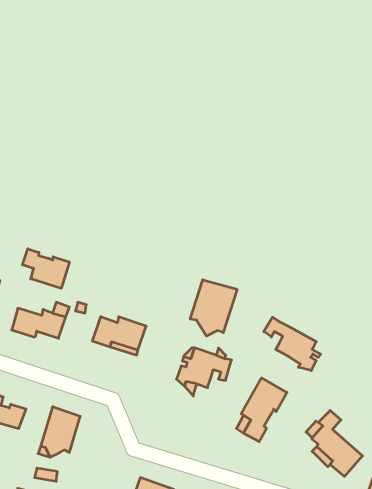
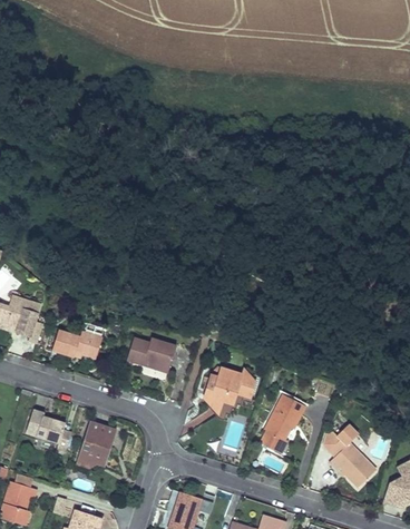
building: [23,249,69,288] -> none
building: [190,280,237,336] -> none
building: [264,317,321,371] -> none

